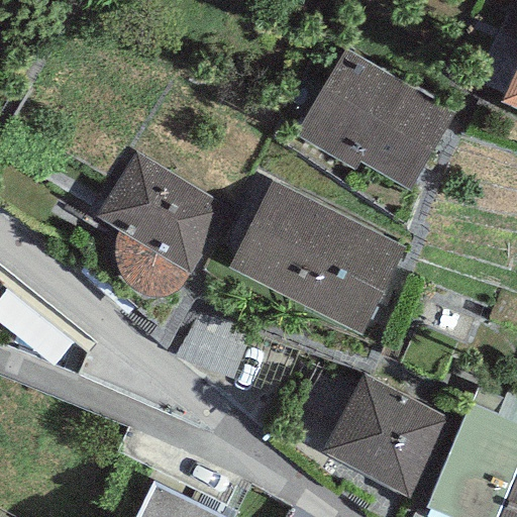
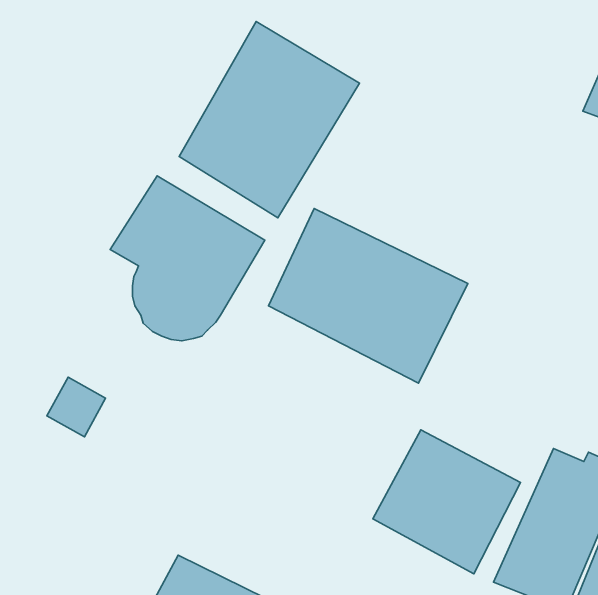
building: none -> [179,22,359,218]
building: [296,49,454,187] -> none

